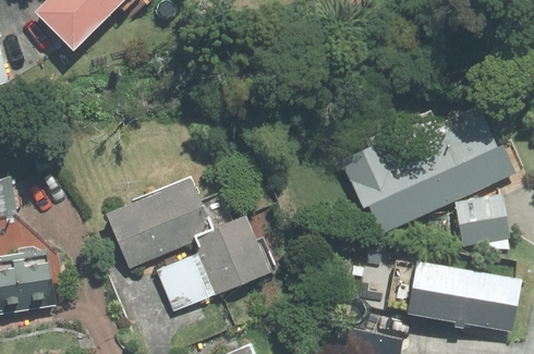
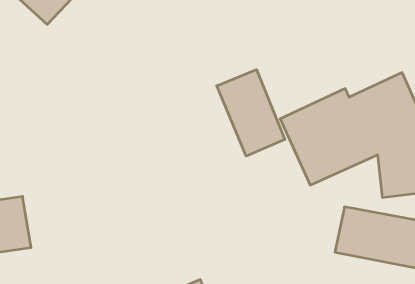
building: none -> [217,70,285,156]
building: [107,171,274,314] -> none

